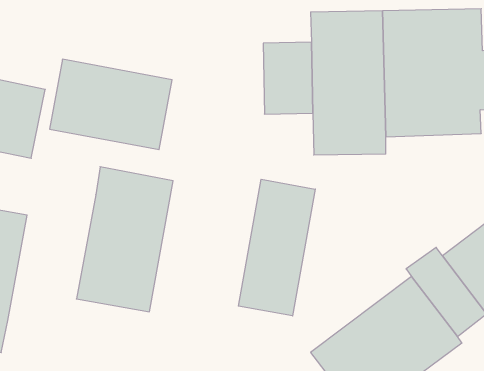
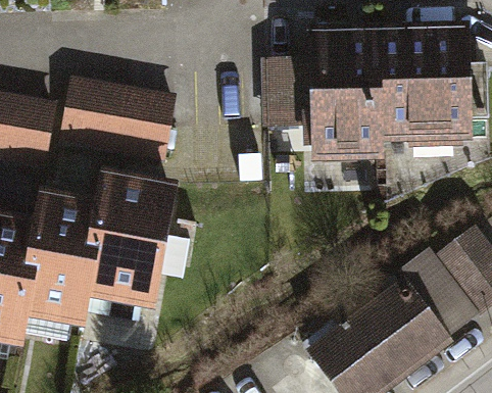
building: [238,179,315,316] -> none
building: none -> [19,191,103,331]

